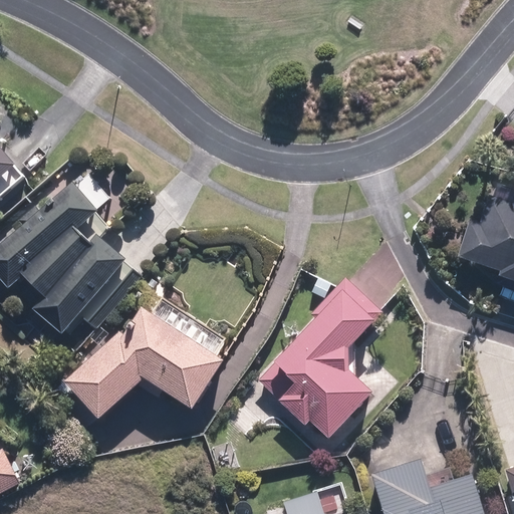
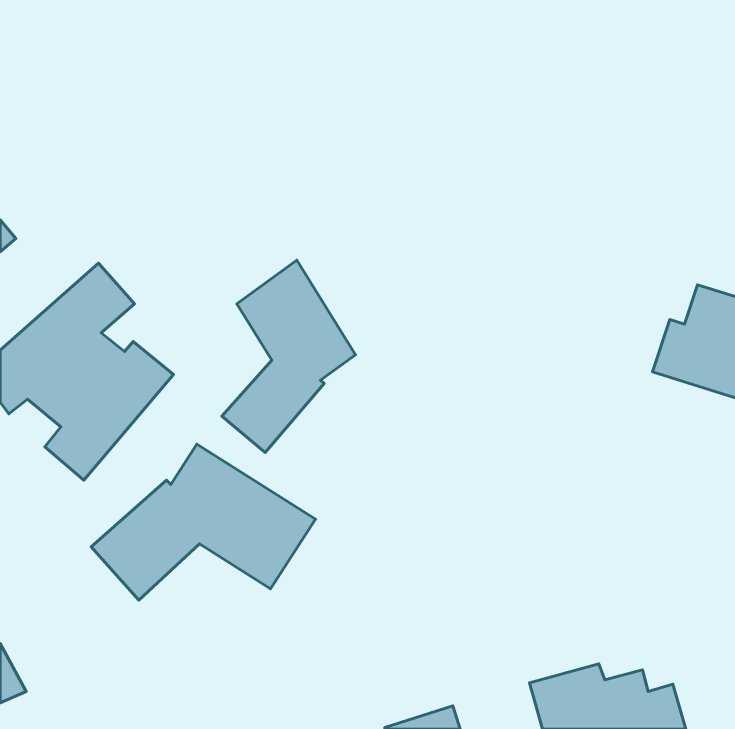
building: none -> [222,260,356,452]
building: [260,277,382,439] -> none

